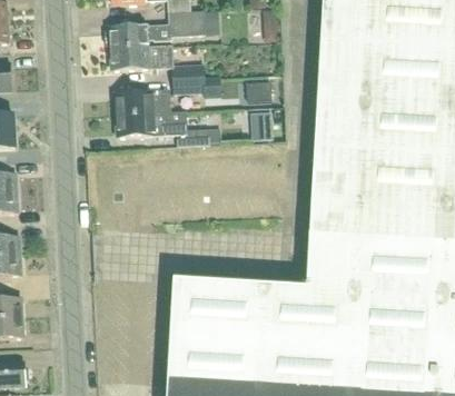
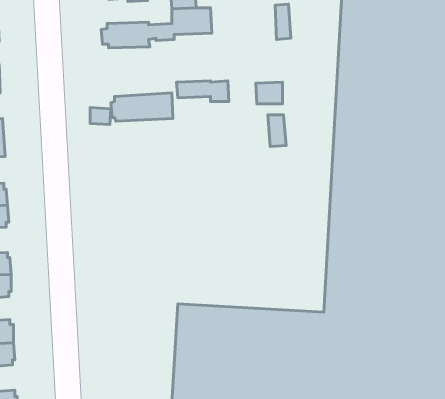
building: [110,46,204,79] -> none
building: [115,110,216,145] -> none

